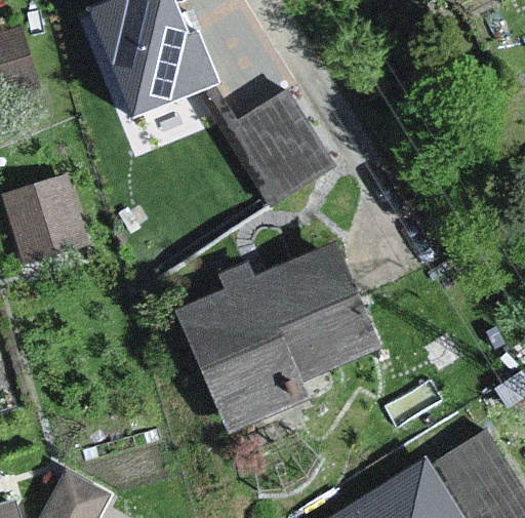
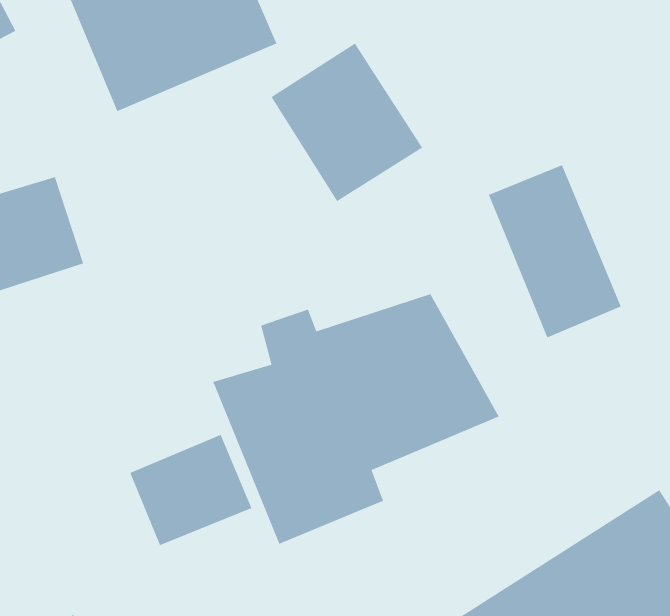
building: none -> [488,164,622,339]
building: none -> [129,434,252,546]

